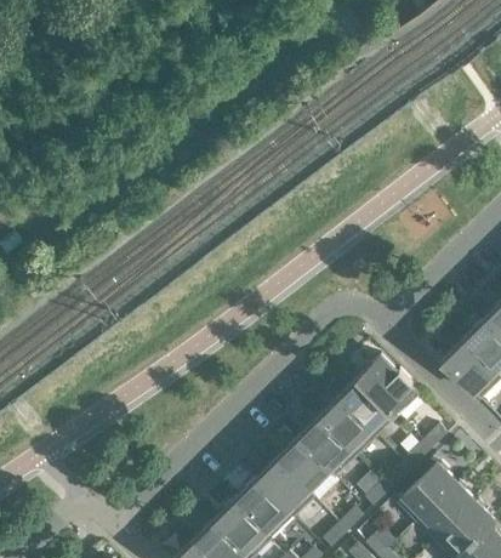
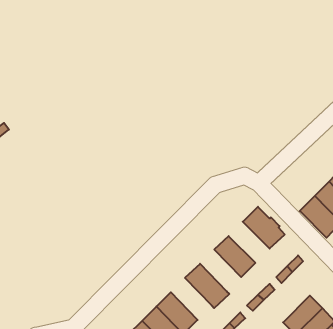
building: [338,375,398,434] -> none
building: [297,415,357,476] -> none
building: [255,456,314,517] -> none
building: [398,462,456,520] -> none

